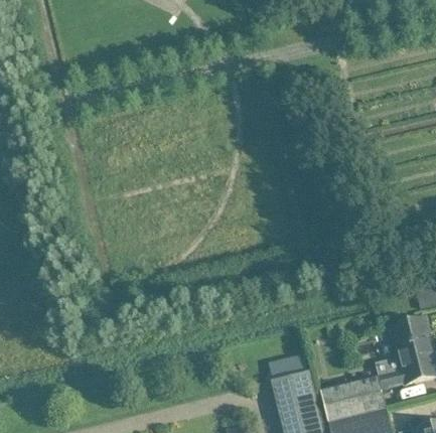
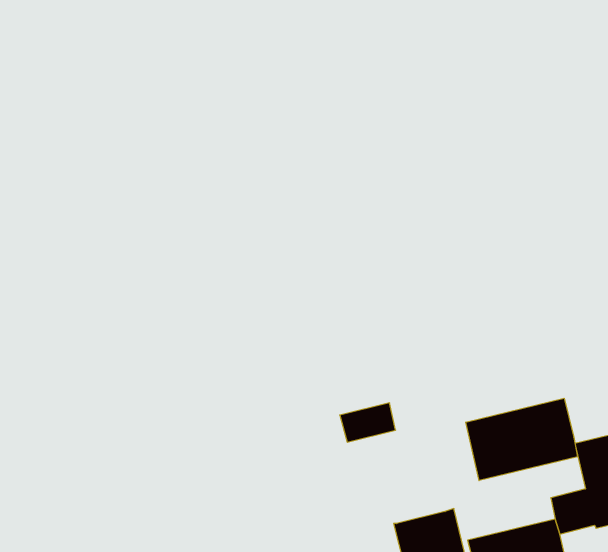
building: none -> [466,398,577,481]
building: [267,353,304,380] -> [340,403,396,442]

